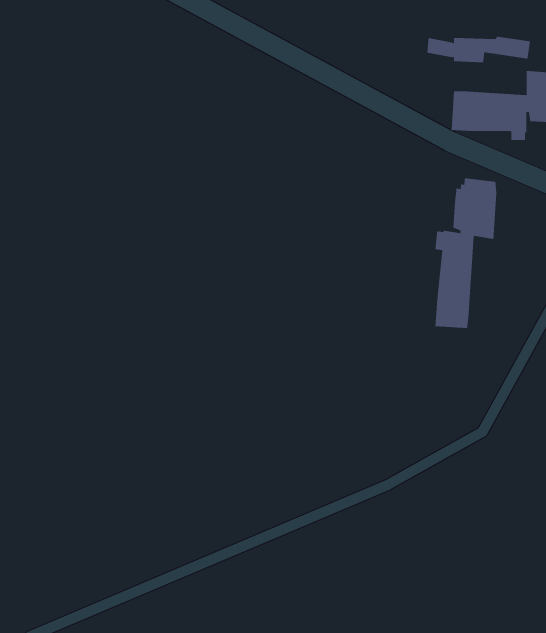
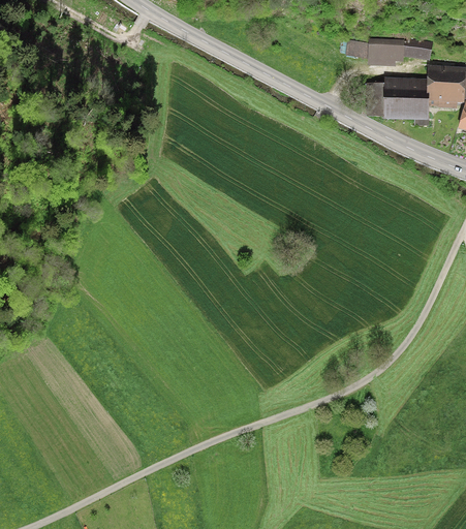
building: [435,178,497,329] -> none

